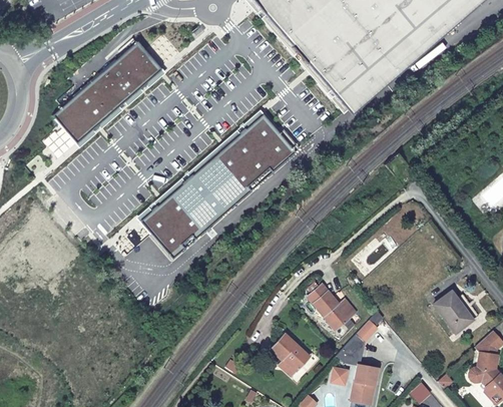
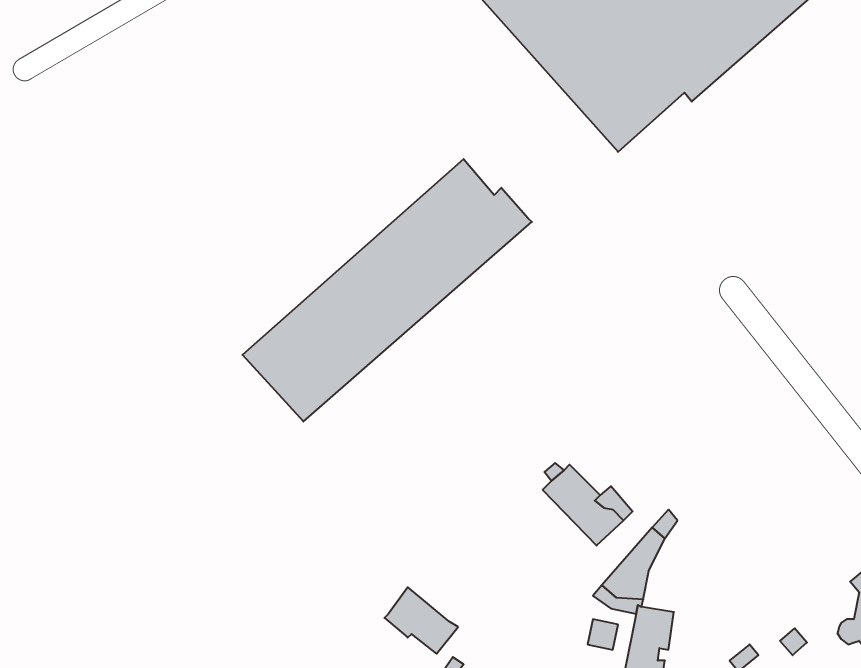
building: [50,40,159,142] -> none
building: [435,293,474,337] -> none
building: [271,333,312,370] -> [384,587,458,654]

